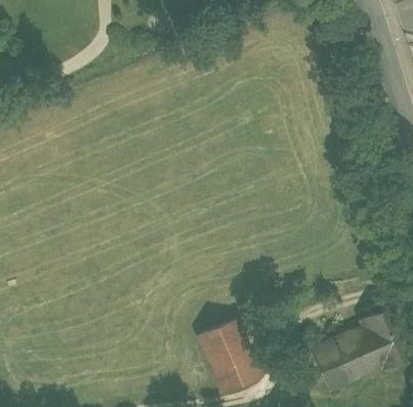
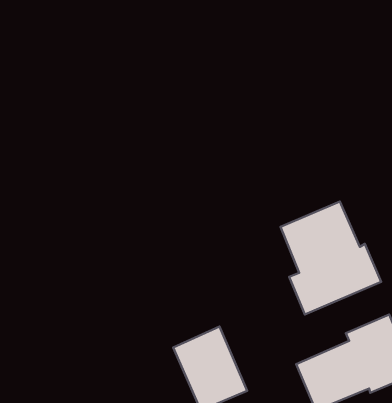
building: none -> [280,202,381,314]

